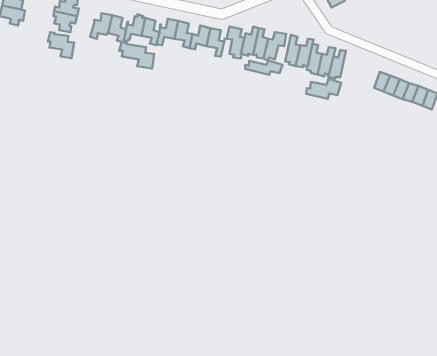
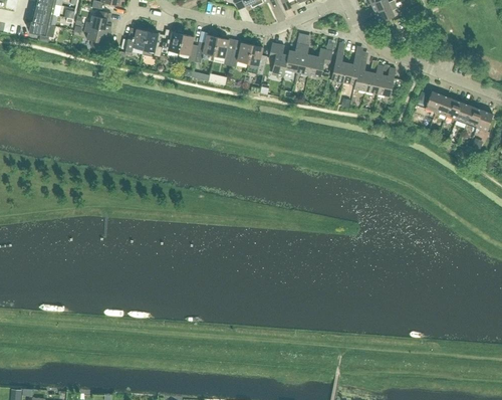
building: [48,32,74,58] -> none
building: [119,42,154,69] -> none
building: [245,60,283,75] -> none
building: [306,79,341,99] -> none

